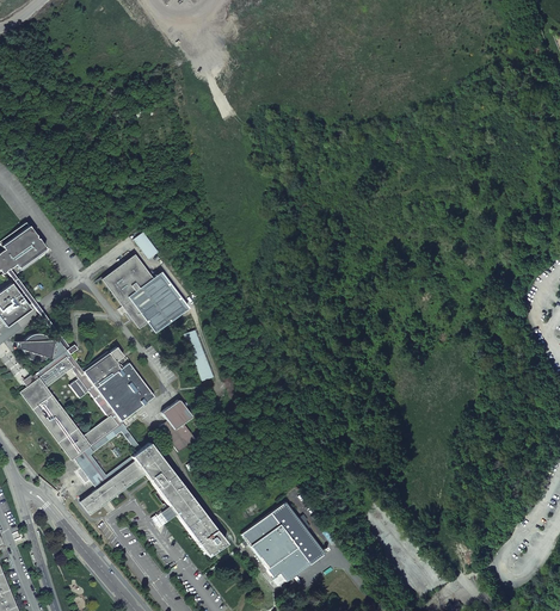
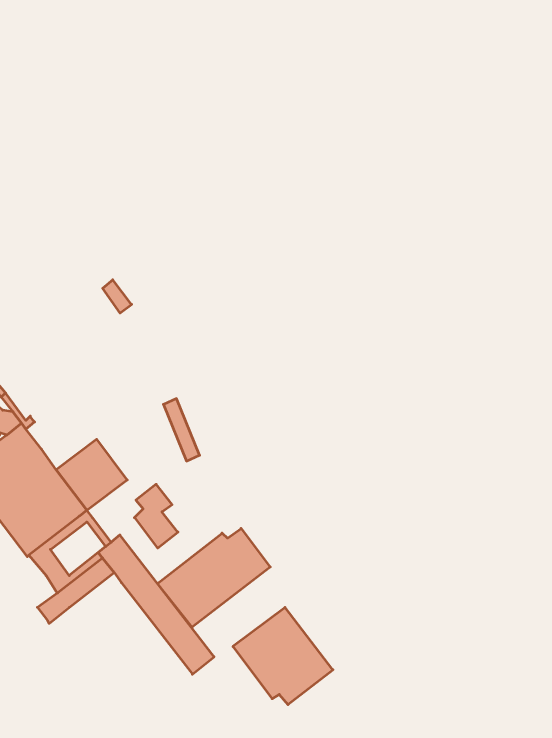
building: [104,255,189,333] -> none
building: [85,346,127,388] -> none
building: none -> [158,528,270,627]

